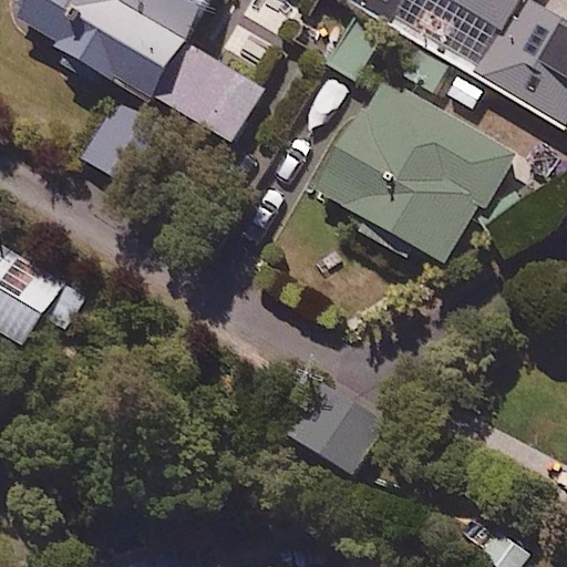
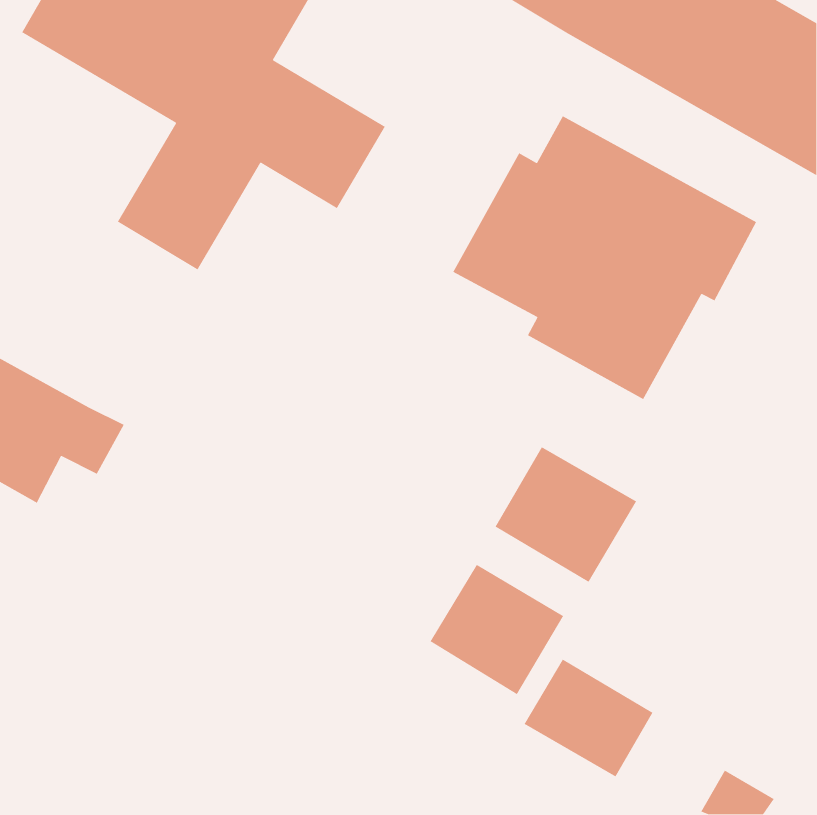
building: none -> [495,446,637,583]
building: none -> [523,658,654,778]

